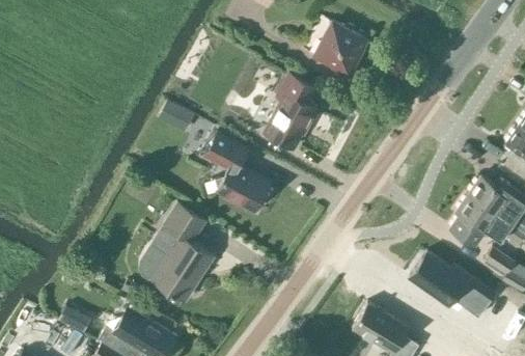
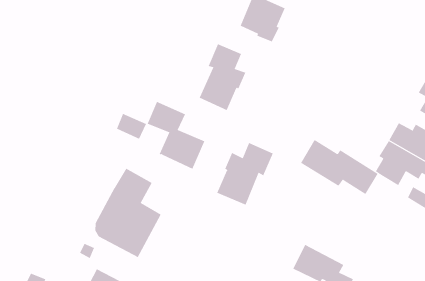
building: [157,102,191,132] -> [116,113,147,139]
building: none -> [216,142,274,205]
building: [408,253,493,319] -> [300,139,378,195]

